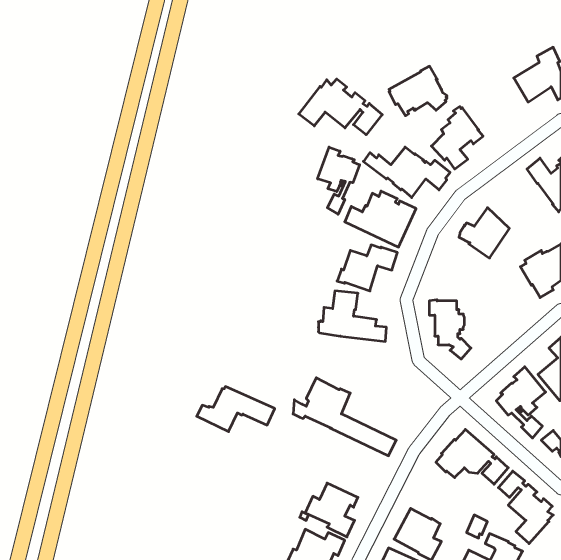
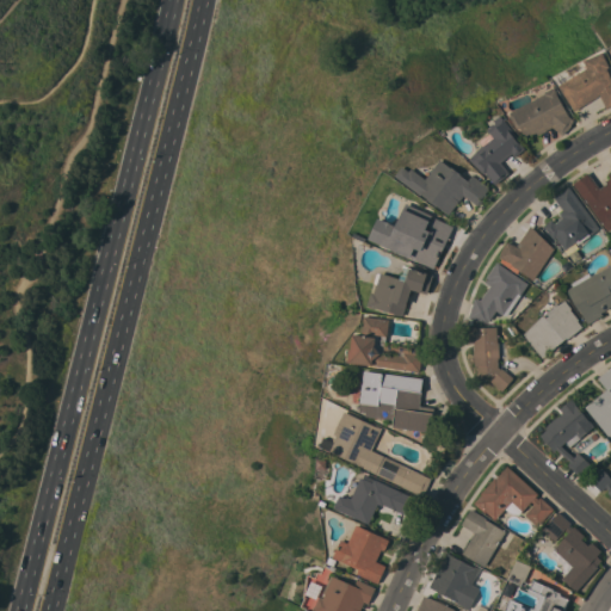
building: [389,66,447,116] -> [510,88,573,142]
building: [299,79,382,135] -> none
building: [318,147,360,214] -> none
building: none -> [543,187,599,253]
building: none -> [468,263,527,323]
building: none -> [523,301,581,358]
building: none -> [358,371,433,433]
building: [197,387,275,432] -> [333,476,418,525]
building: none -> [461,510,505,568]

